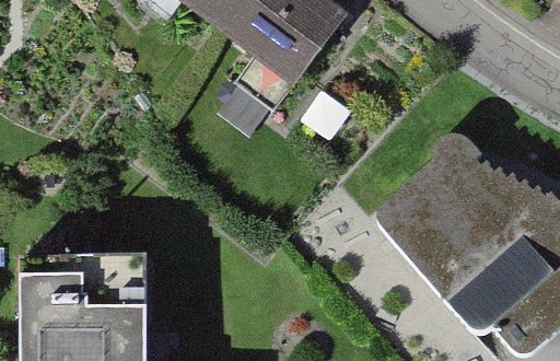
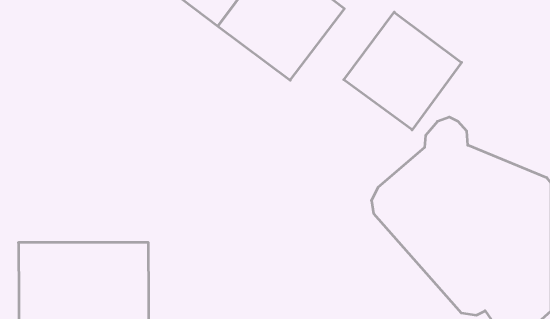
building: none -> [344,12,462,130]

